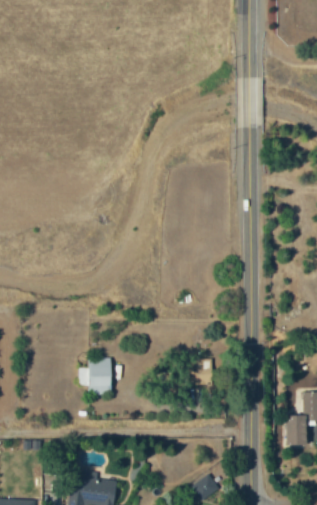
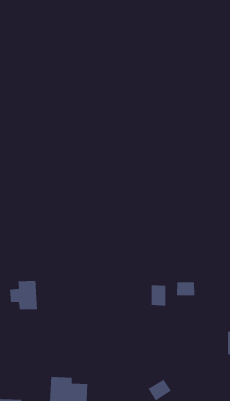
building: none -> [176,281,195,296]
building: [77,358,112,395] -> [9,280,38,310]

